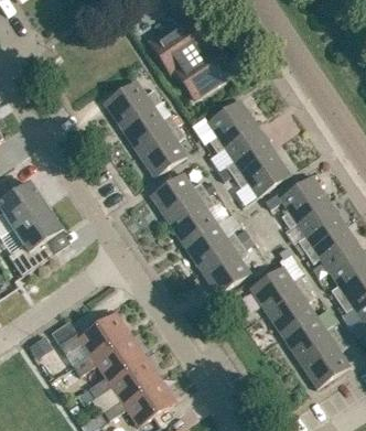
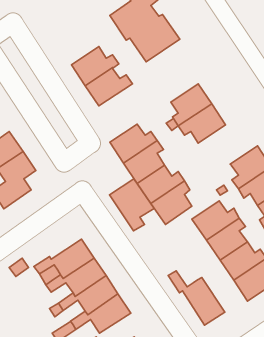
building: [207,99,257,151] -> none
building: [137,125,186,176] -> none
building: [279,174,329,227] -> none
building: none -> [109,179,154,231]
building: none -> [168,271,225,325]

